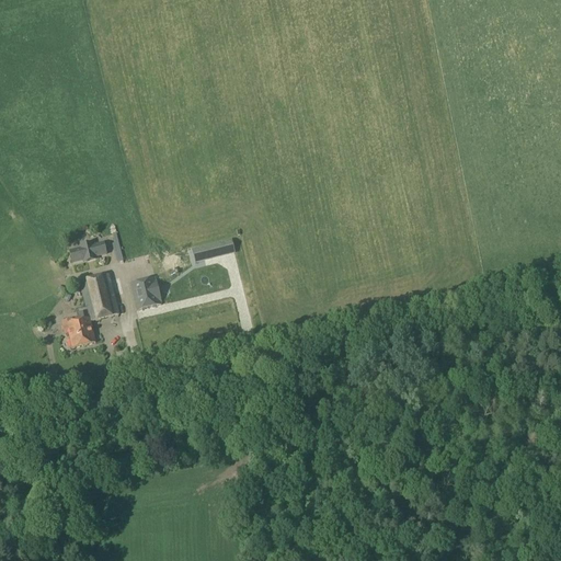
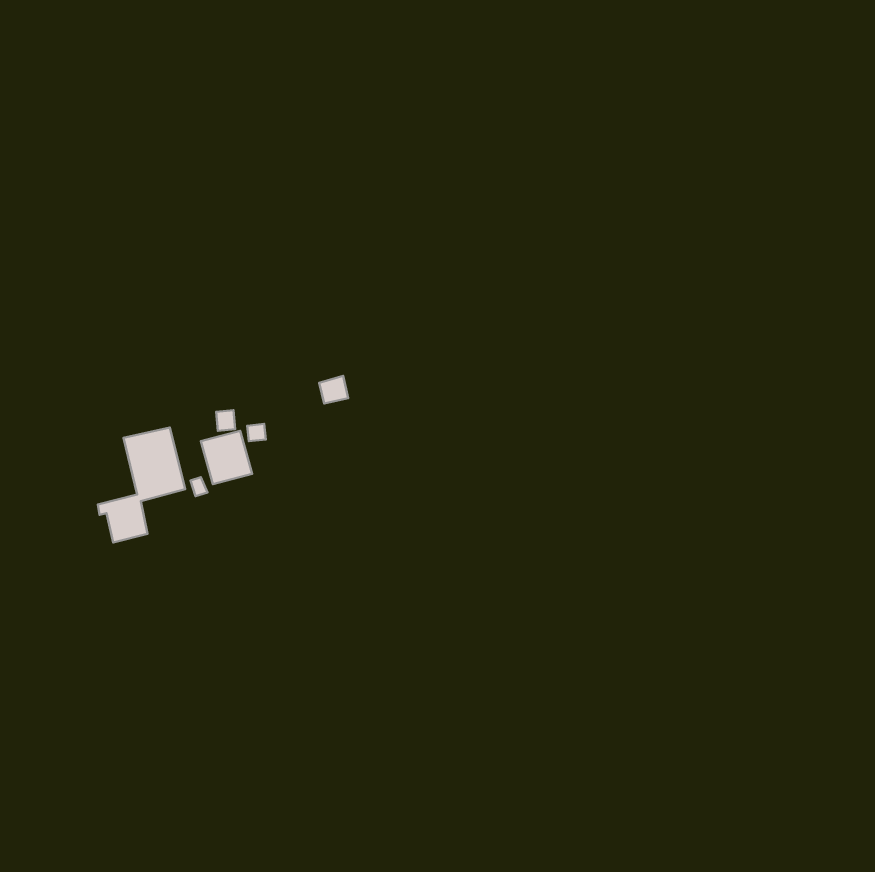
building: [69,240,107,262] -> none

